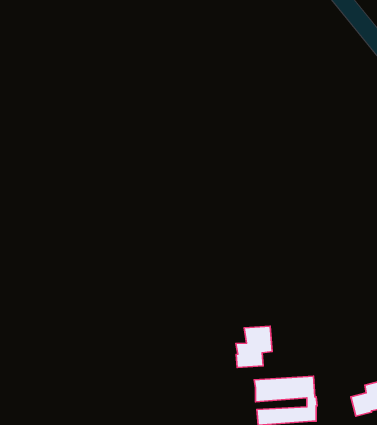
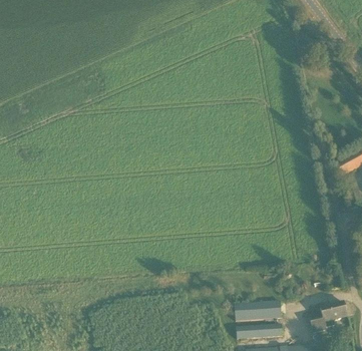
building: [236,326,272,368] -> none

